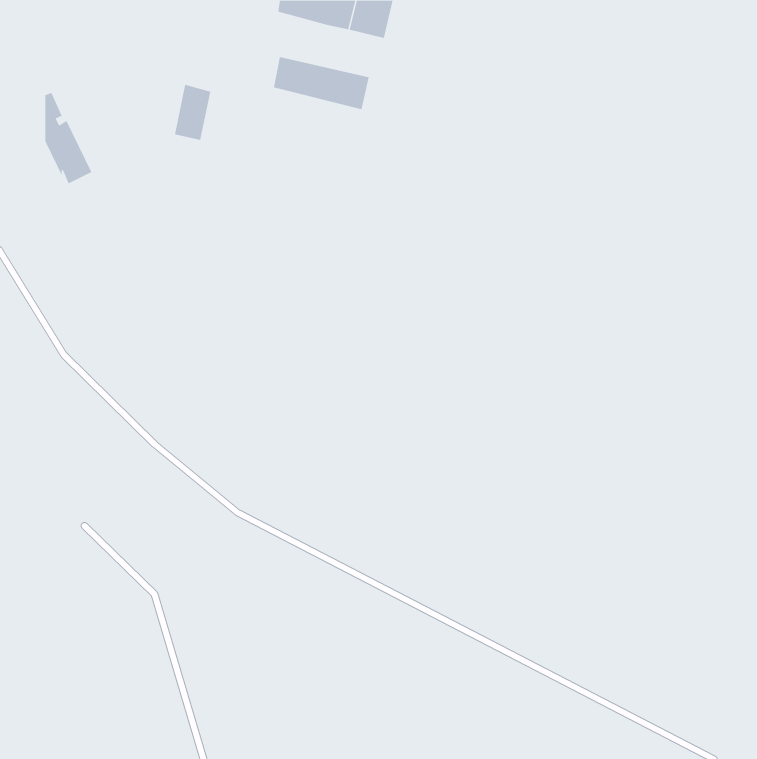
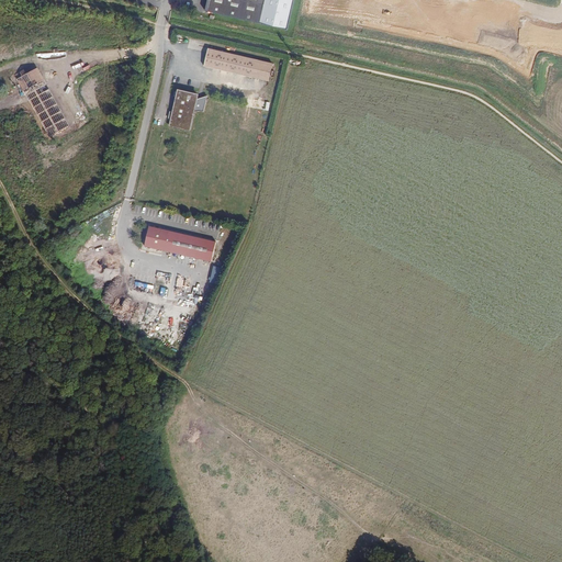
building: [174,84,211,140] -> [168,88,195,130]
building: none -> [144,227,215,261]

